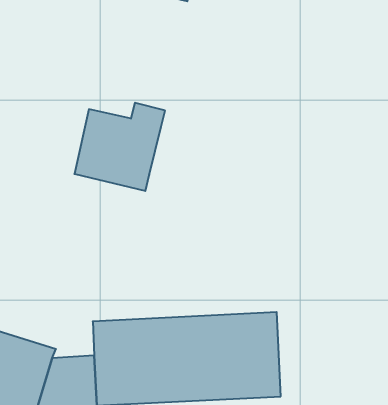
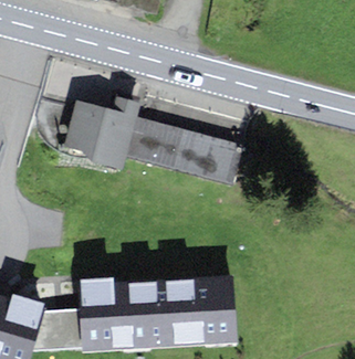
building: none -> [126,116,242,184]

